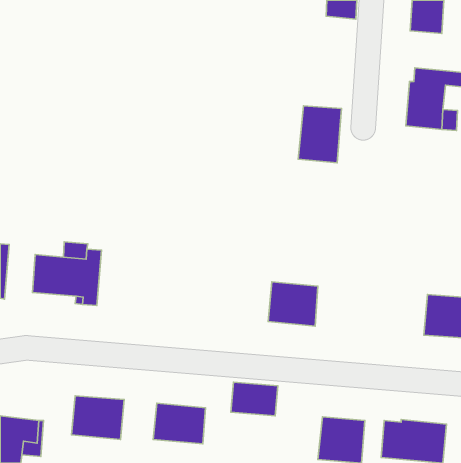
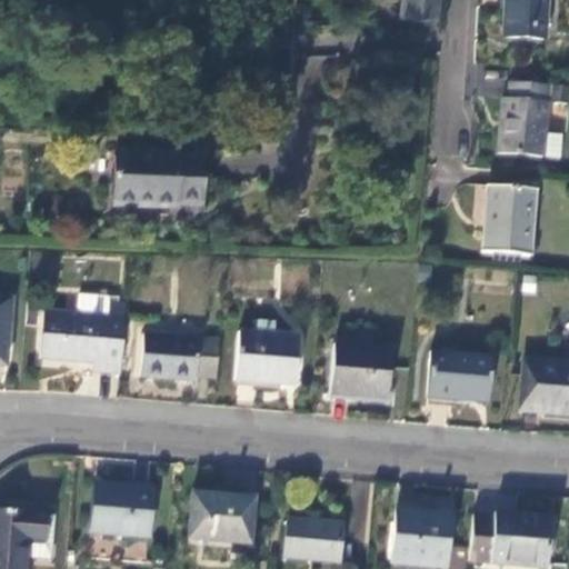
building: [298,106,342,163] -> [483,188,537,258]
building: none -> [116,151,206,209]
building: none -> [236,332,301,387]
building: none -> [141,336,221,382]
building: none -> [429,352,493,403]
building: [231,382,278,416] -> [286,521,343,562]

